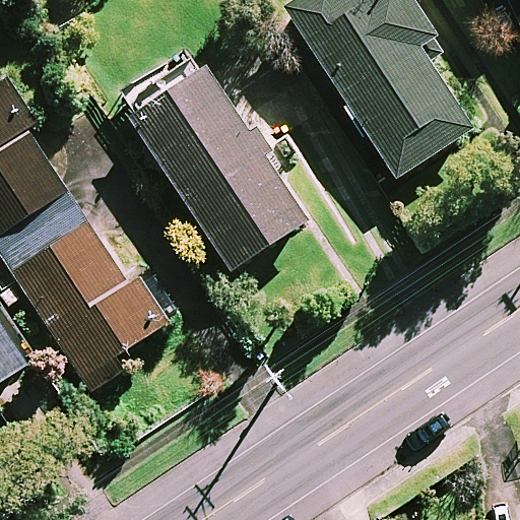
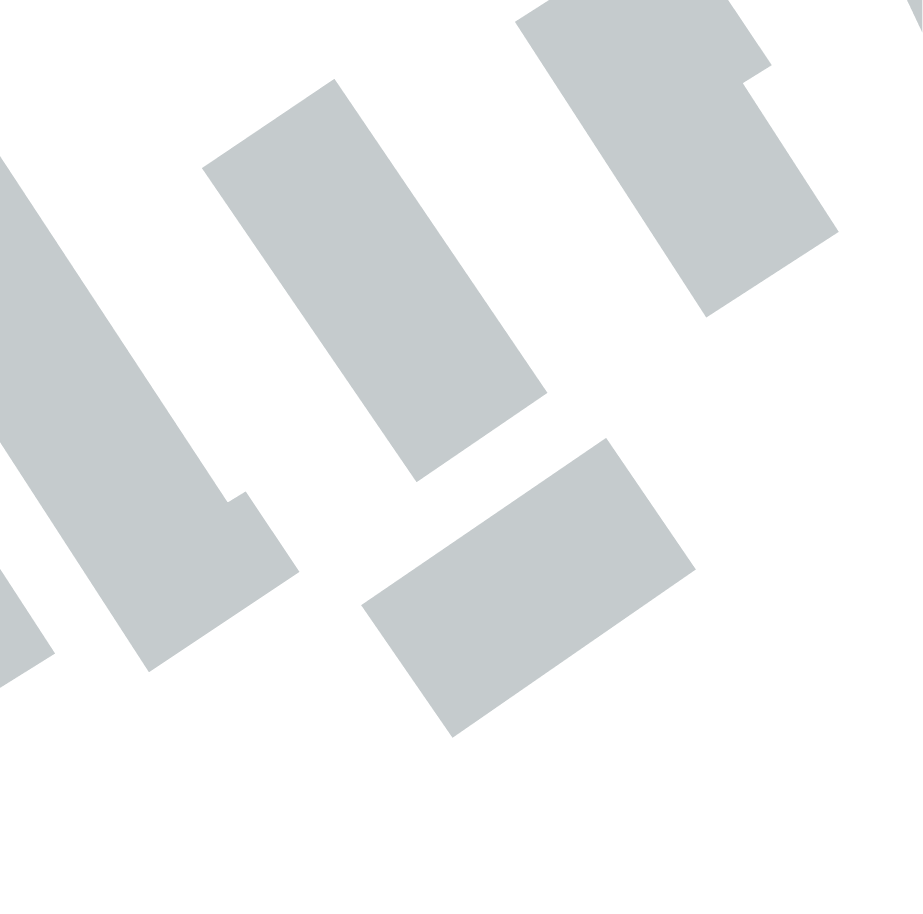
building: none -> [360,437,697,739]

